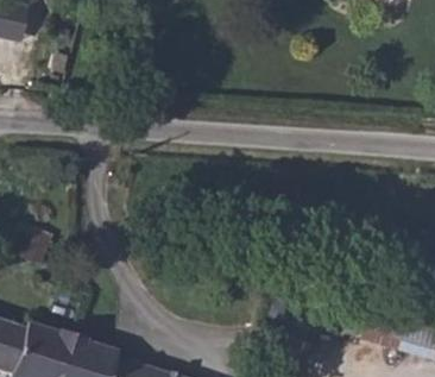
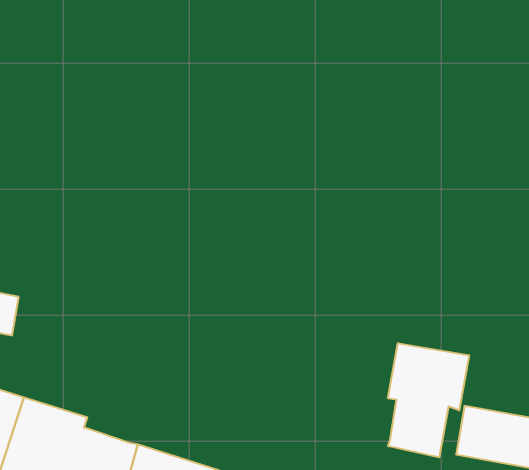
building: none -> [388,343,469,457]

